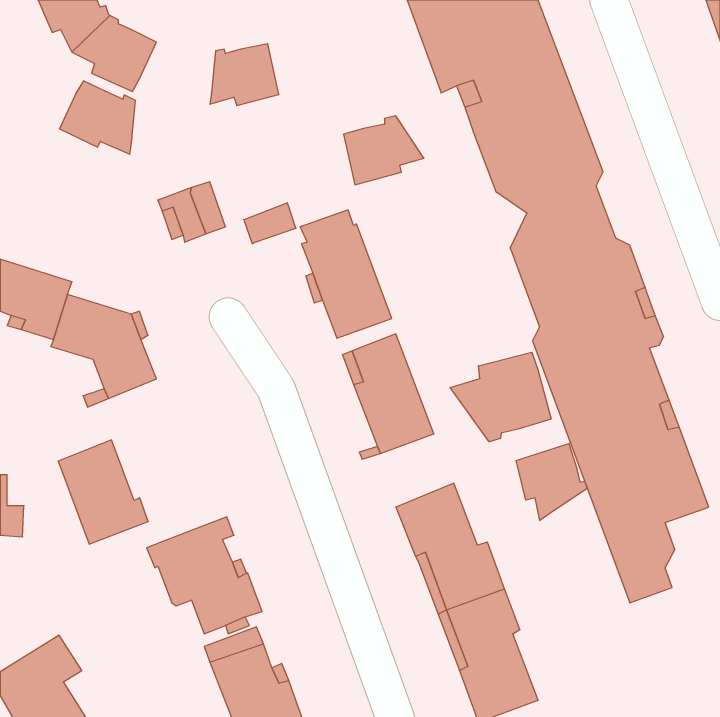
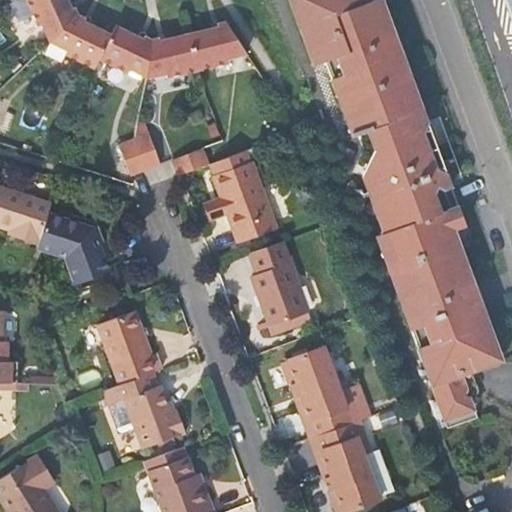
building: [59,81,136,154] -> [99,24,153,76]
building: [344,116,424,185] -> [190,20,247,69]
building: [450,352,551,442] -> none
building: [58,440,148,544] -> [97,311,161,385]
building: [516,443,587,521] -> none

